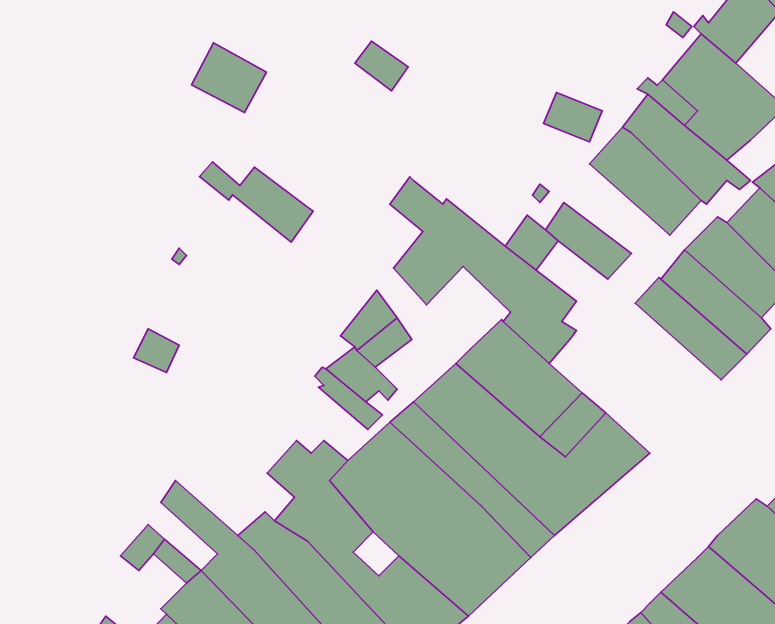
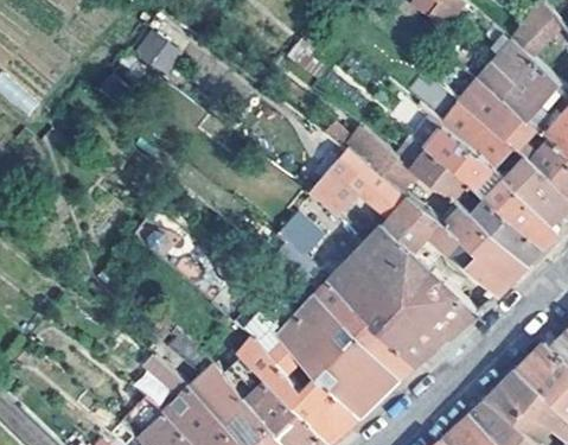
building: [191,43,267,112] -> [134,31,183,76]
building: none -> [409,106,491,189]
building: [200,162,313,242] -> [325,125,398,177]
building: none -> [427,206,524,295]

